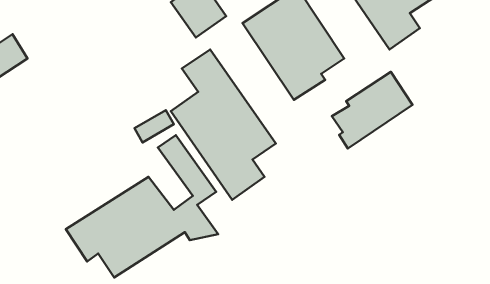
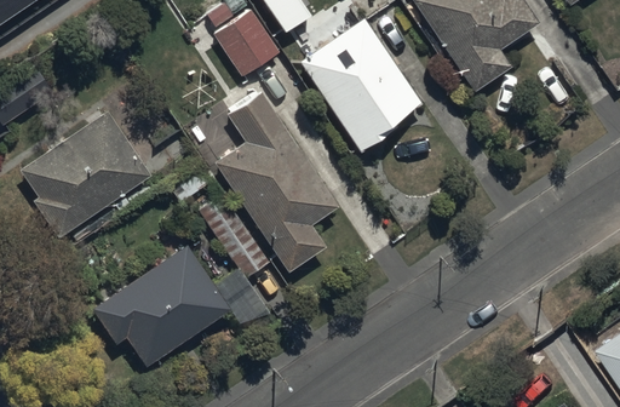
building: none -> [22,110,153,240]
building: [332,72,413,148] -> none

